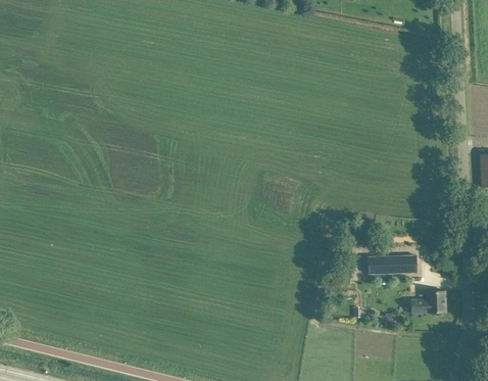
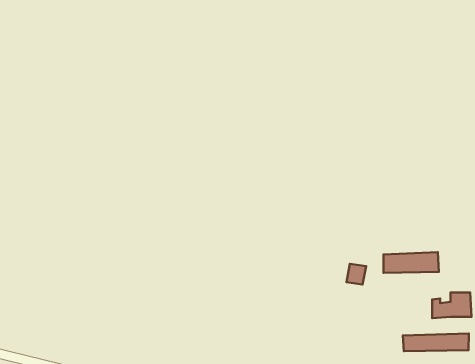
building: none -> [403,334,469,351]

